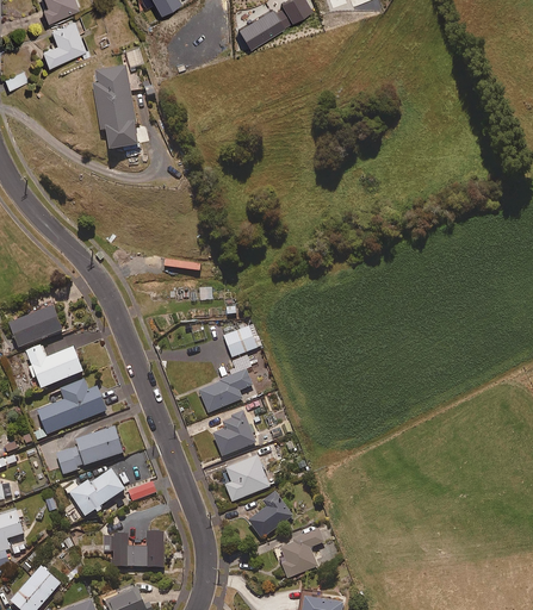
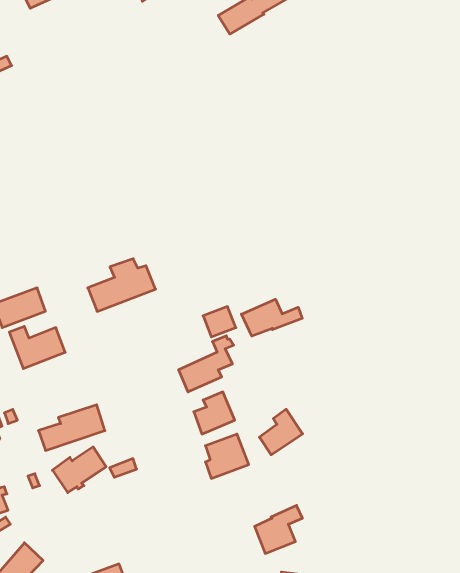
building: [41,19,85,66] -> none
building: [92,64,138,150] -> none
building: none -> [241,299,302,336]
building: [37,379,106,432] -> [88,259,156,311]
building: [248,491,292,537] -> [259,409,303,455]
building: [104,534,165,567] -> none

